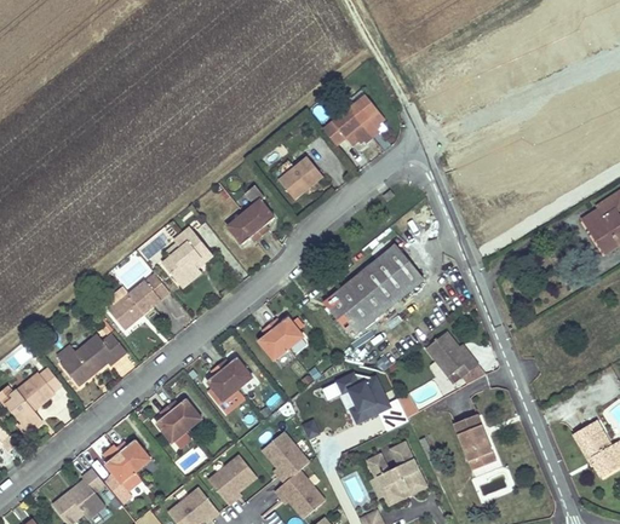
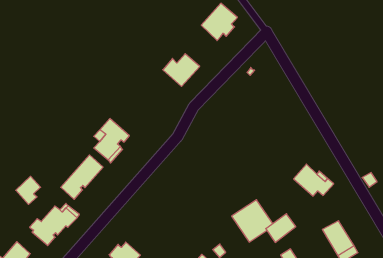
building: [225,184,274,243] -> none
building: [325,244,424,338] -> none
building: none -> [16,176,41,204]
building: [257,316,303,361] -> none
building: [205,357,252,401] -> none

